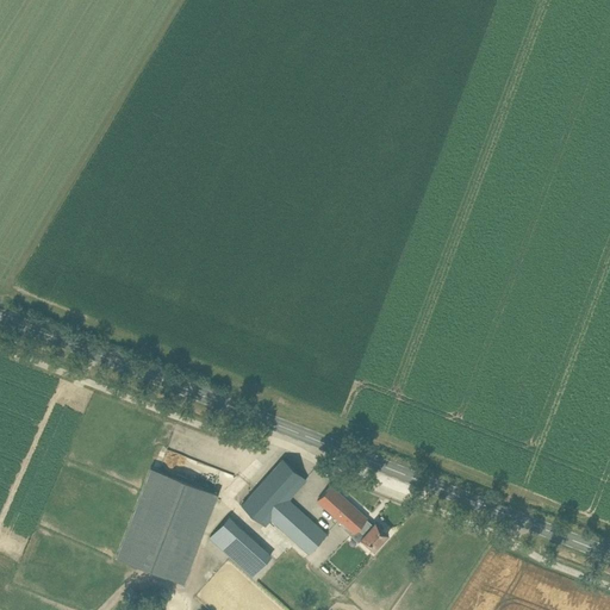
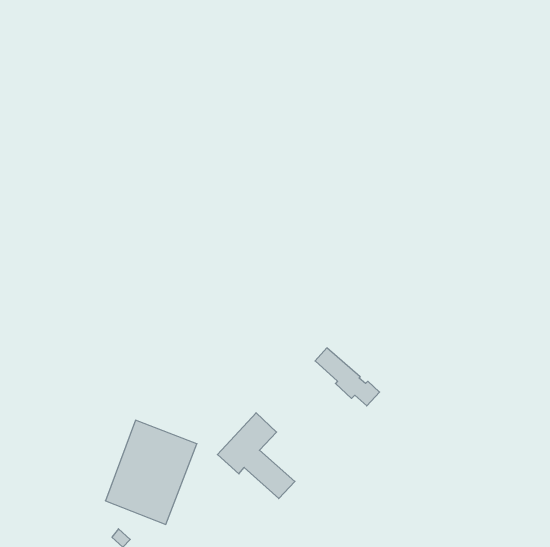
building: [317,487,388,552] -> [315,348,380,406]
building: [210,516,273,578] -> none

